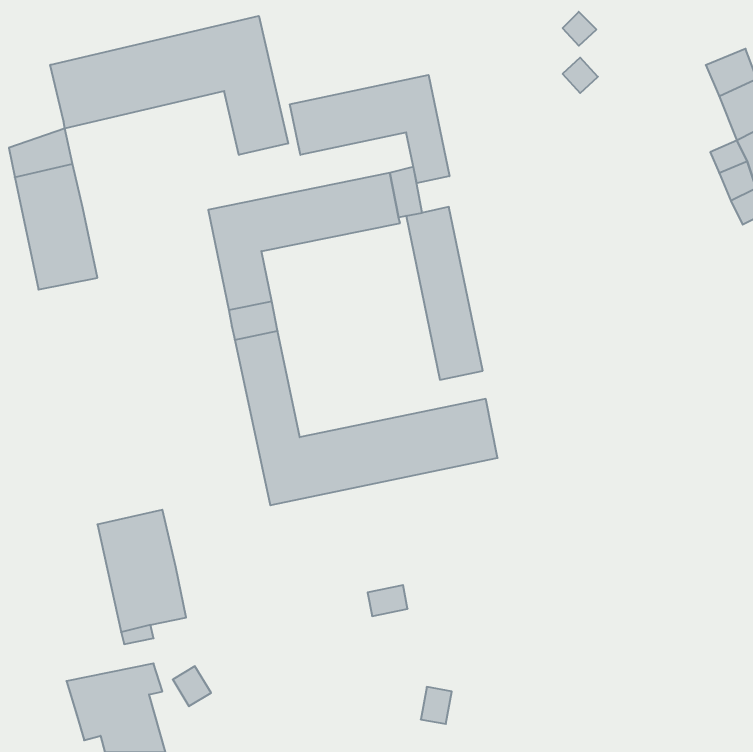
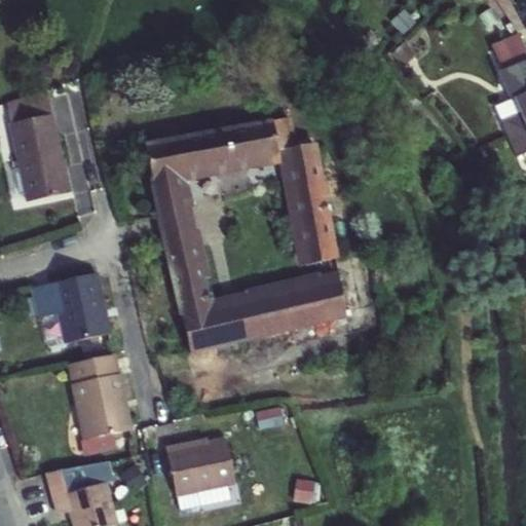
building: [50,16,288,155] -> none
building: [290,75,449,183] -> none
building: none -> [33,274,110,343]
building: none -> [166,438,235,495]

